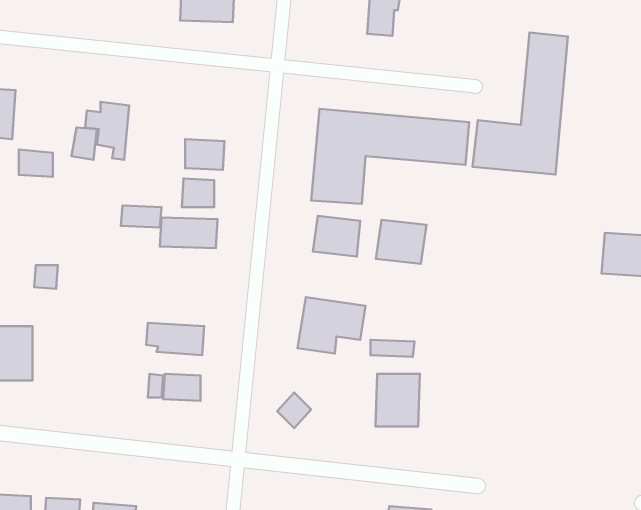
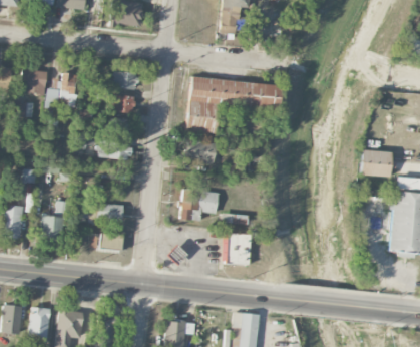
building: [472,32,568,174] -> none
building: none -> [24,70,47,95]
building: none -> [111,72,137,89]
building: [376,220,426,264] -> none
building: none -> [40,202,66,240]

